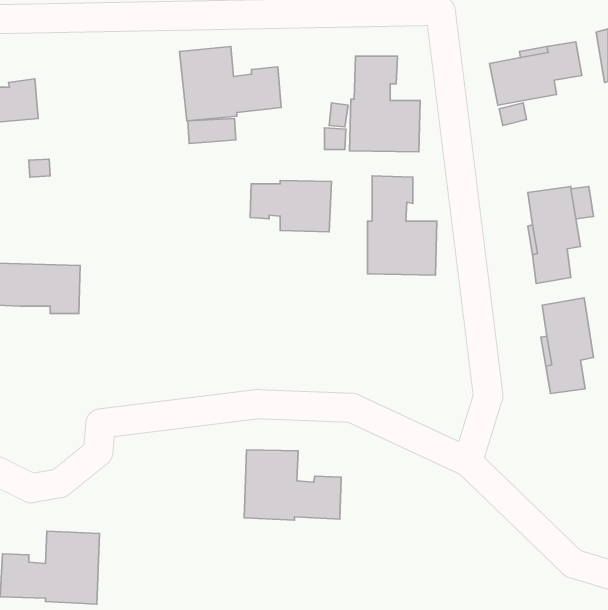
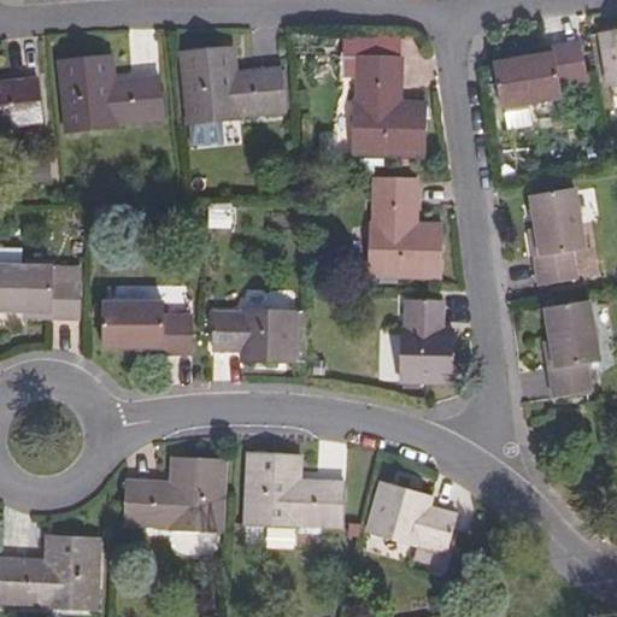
building: none -> [59,55,161,130]
building: [250,180,332,232] -> [213,310,295,362]
building: none -> [101,301,192,349]
building: none -> [400,302,453,382]
building: none -> [125,458,224,529]
building: none -> [366,481,454,563]

